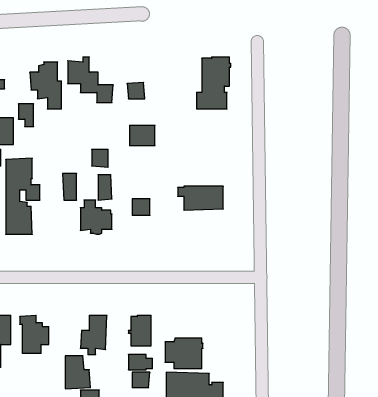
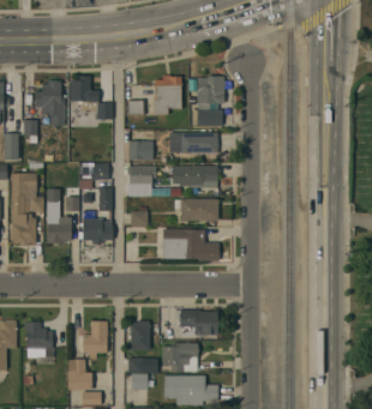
building: none -> [154,76,181,115]
building: none -> [170,133,218,154]
building: none -> [128,167,155,197]
building: none -> [172,167,216,188]
building: none -> [47,202,71,245]
building: none -> [162,229,218,261]
building: none -> [179,311,217,335]

